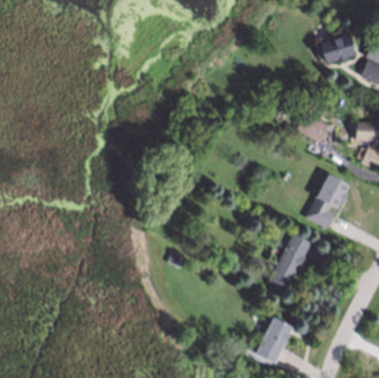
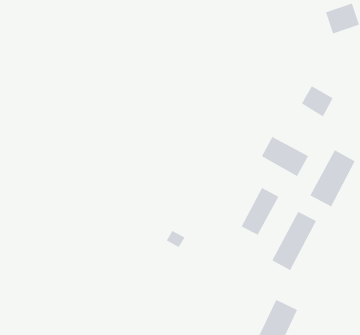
building: none -> [261,136,309,177]
building: none -> [241,187,279,236]

